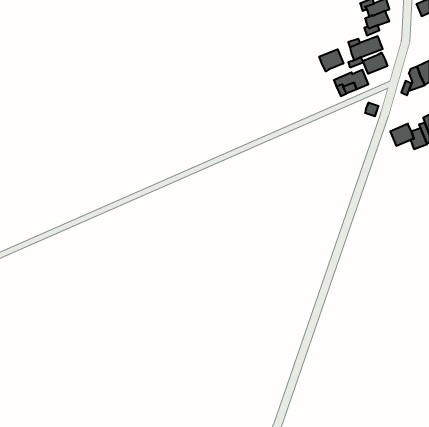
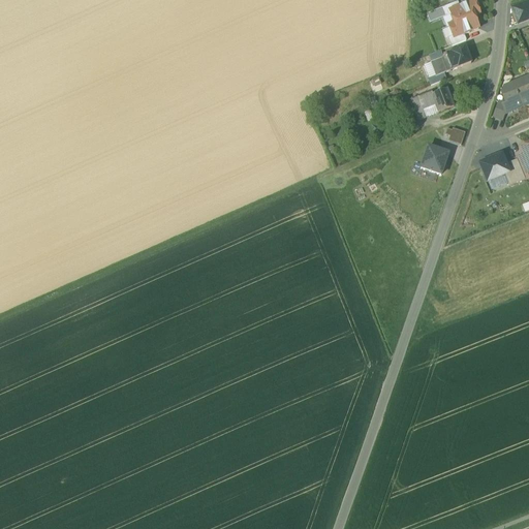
building: [319,49,343,71] -> none
building: [363,53,387,74] -> none
building: none -> [422,145,448,173]

